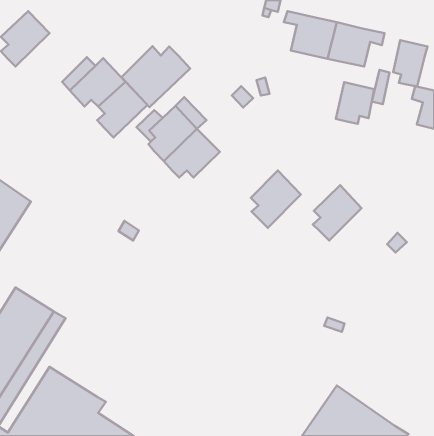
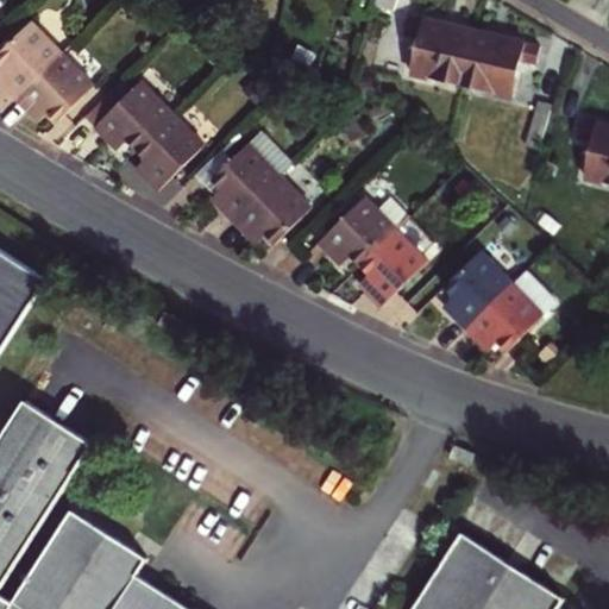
building: none -> [21,46,102,117]
building: [393,40,427,87] -> none
building: [121,46,190,107] -> none
building: [336,82,374,124] -> none
building: none -> [308,207,402,276]
building: none -> [459,277,548,358]

